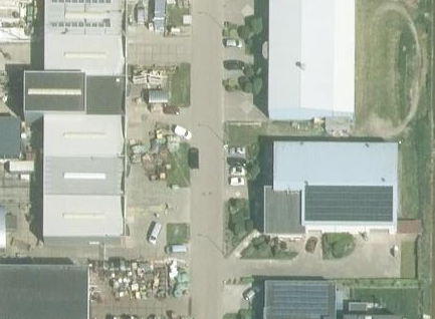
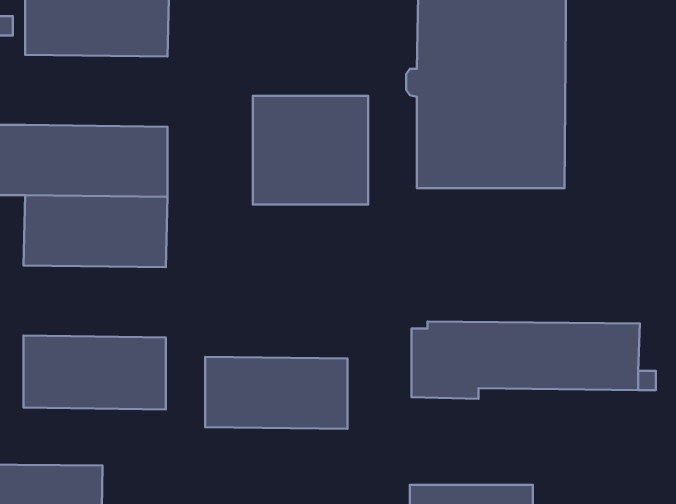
building: [43,35,125,76] -> none
building: none -> [253,96,368,204]
building: [273,144,395,189] -> none
building: [42,155,124,197] -> [205,357,348,429]

